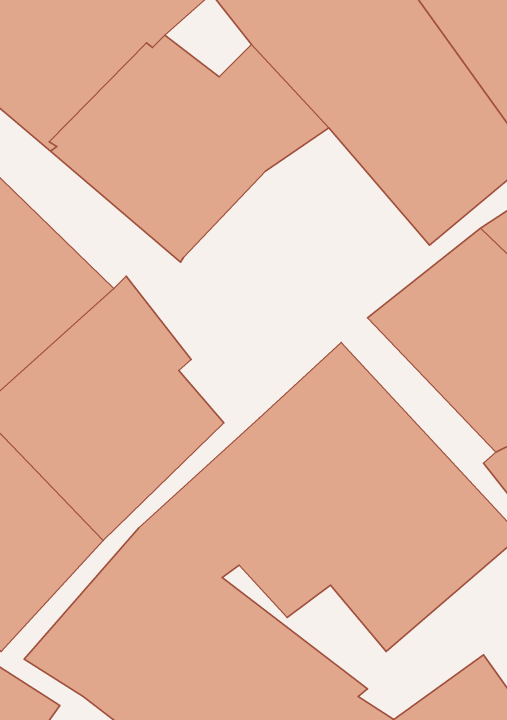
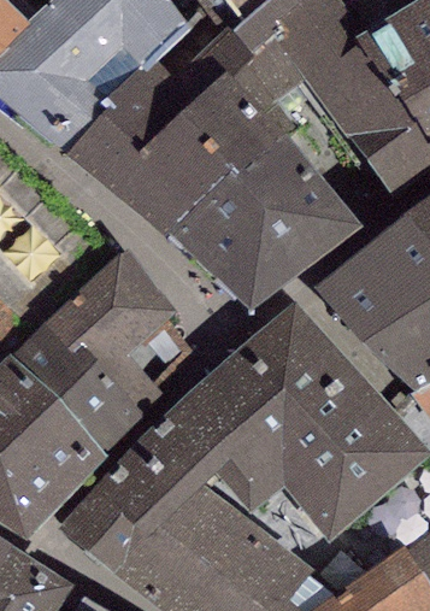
building: none -> [169,131,360,309]

